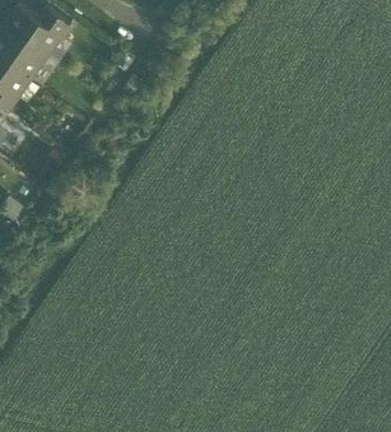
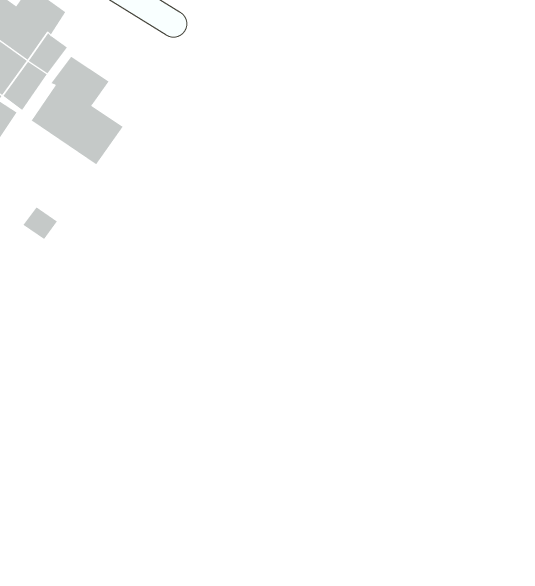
building: none -> [31,56,123,165]

